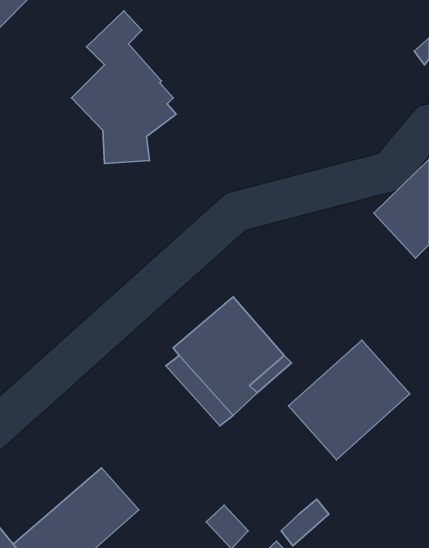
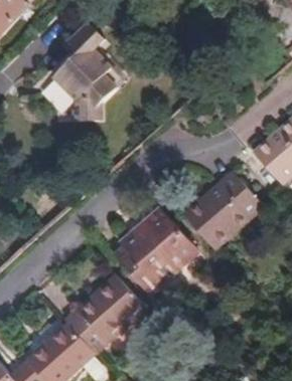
building: [289,340,410,460] -> [181,173,263,253]
building: none -> [68,277,145,352]

